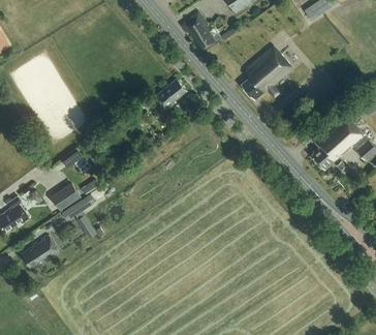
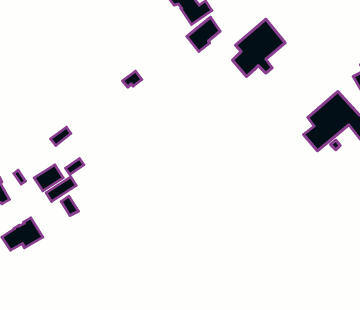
building: [154,77,186,110] -> [187,17,220,52]

